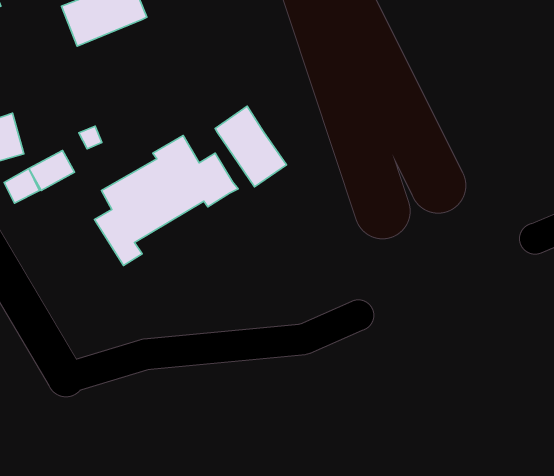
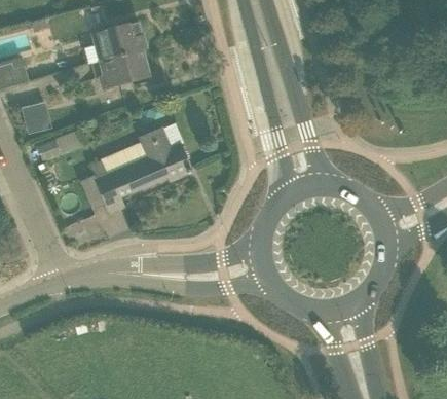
building: none -> [97,48,148,87]
building: [215,106,286,187] -> none

